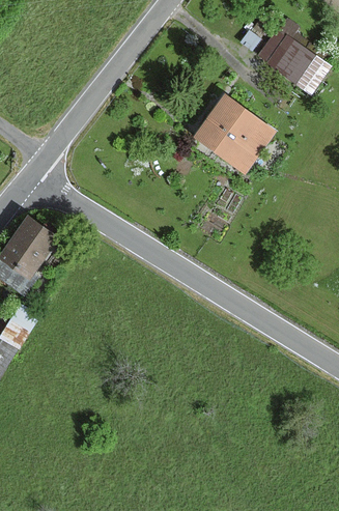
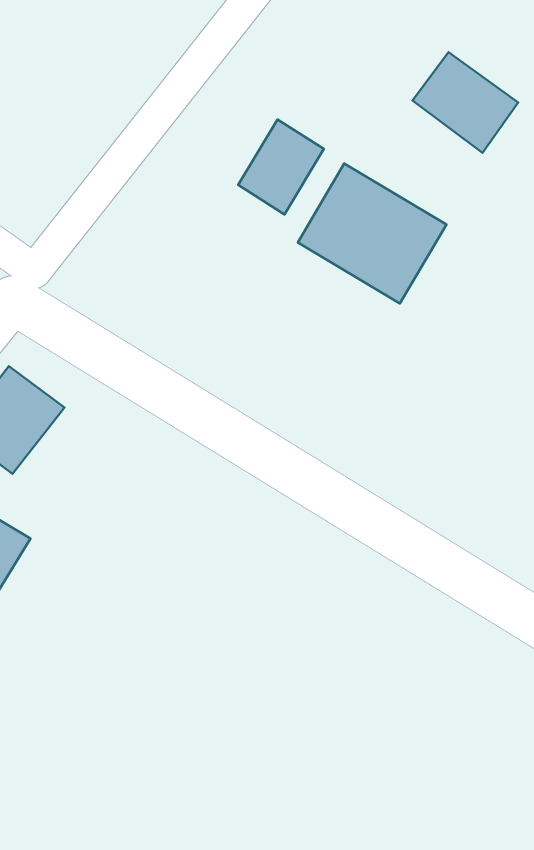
building: none -> [238,119,324,215]

